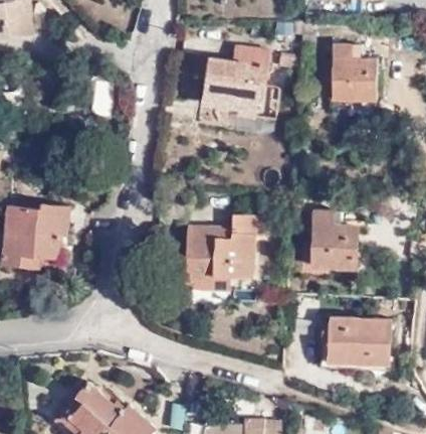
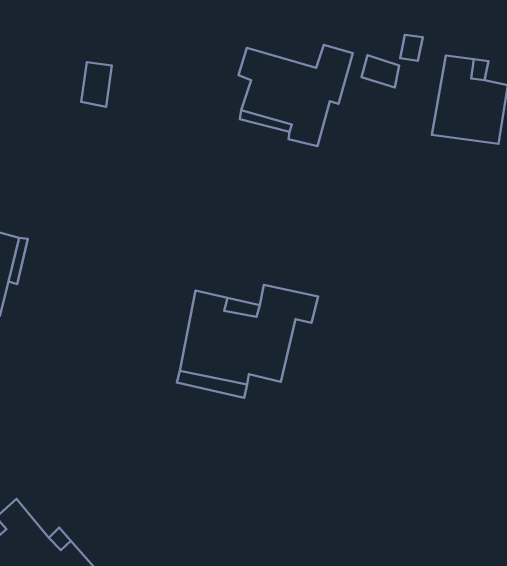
building: [311,209,358,269] -> none
building: [327,316,392,366] -> none

